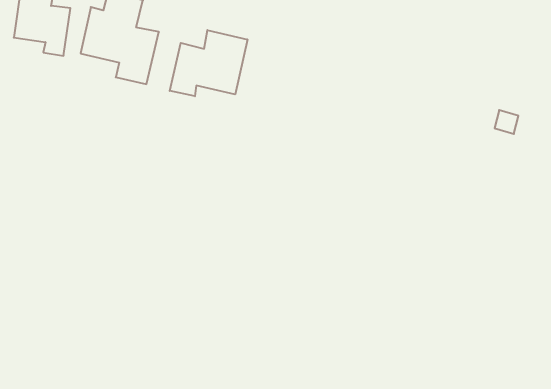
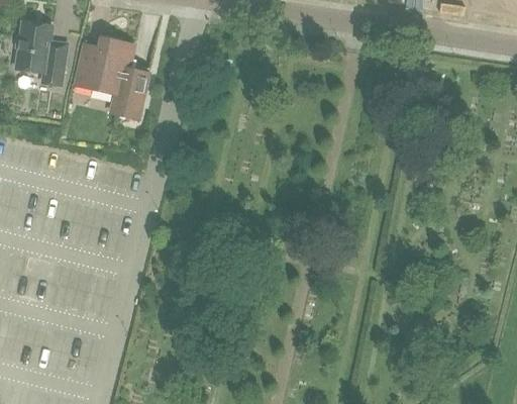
building: [170,30,247,96] -> none

